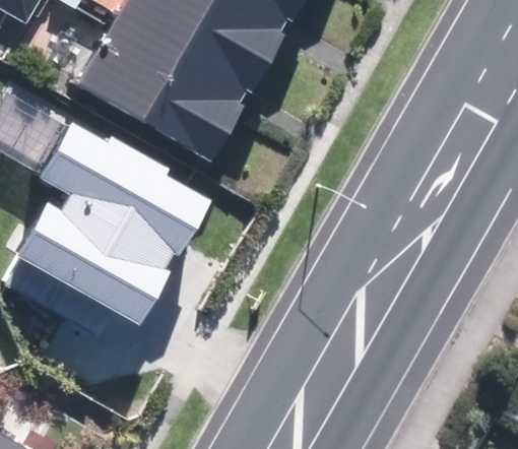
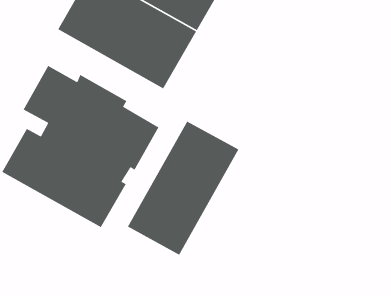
building: none -> [127,120,240,256]

